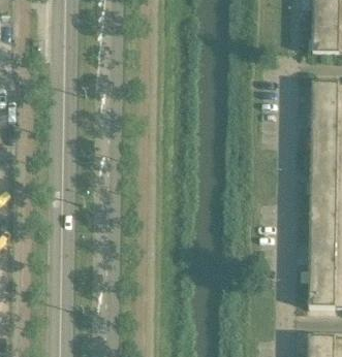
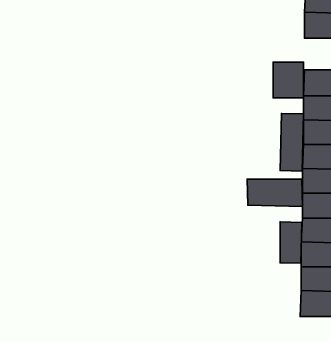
building: none -> [273,62,303,98]
building: none -> [280,113,303,171]
building: none -> [247,179,302,206]
building: none -> [280,222,302,263]

